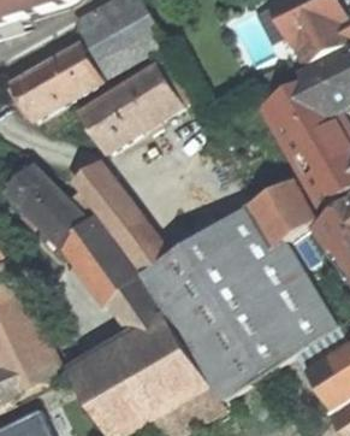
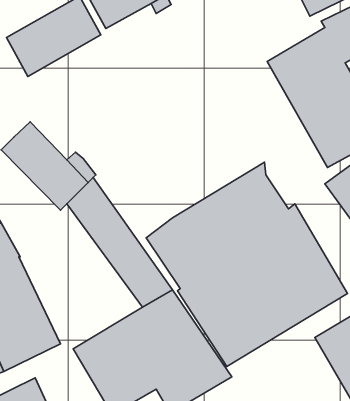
building: [79,63,180,152] -> none
building: [73,161,168,273] -> none
building: [256,181,315,246] -> none

